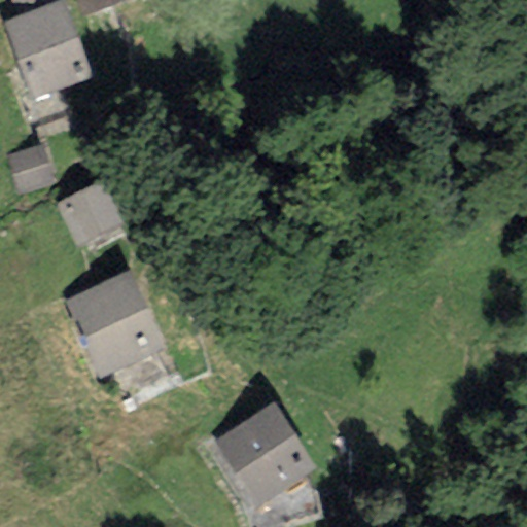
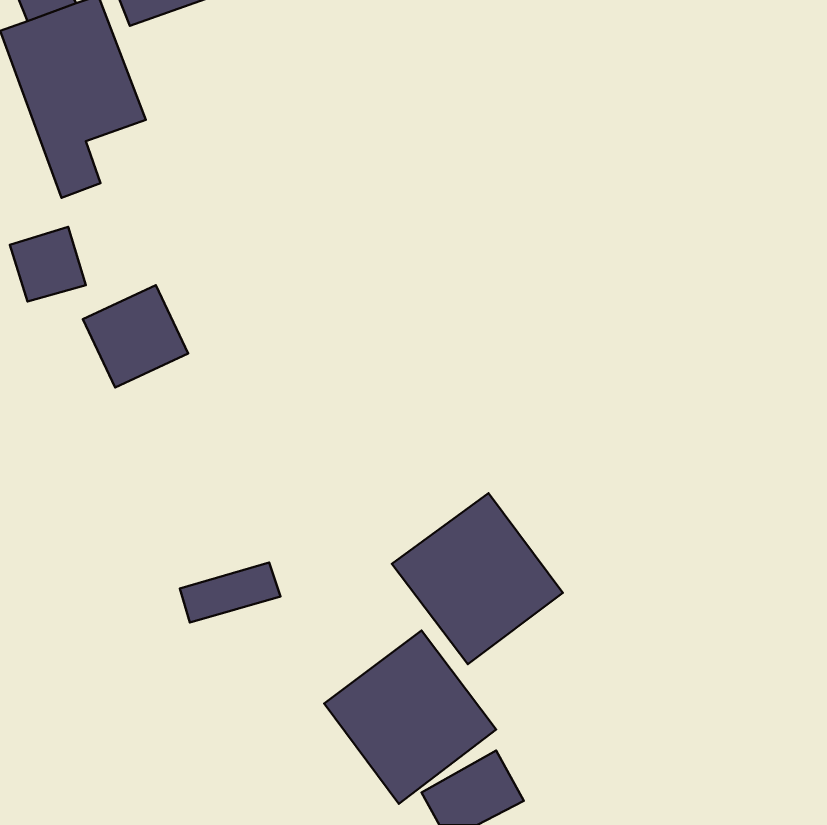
building: [67,271,165,375] -> none
building: none -> [392,493,563,664]

